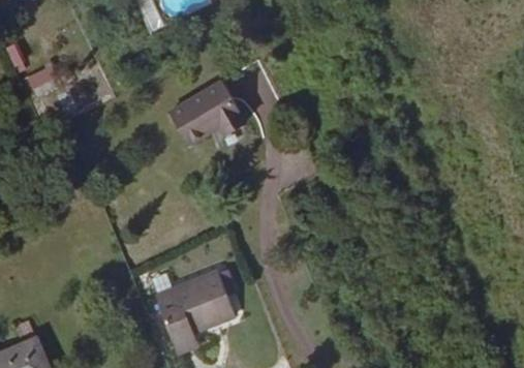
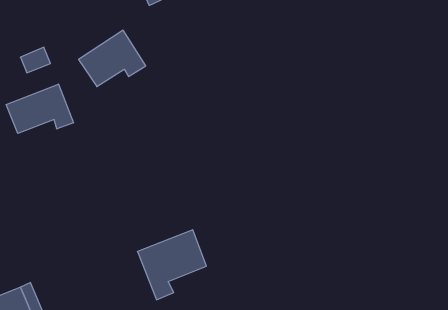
building: [168,81,245,145] -> [79,30,146,87]
building: none -> [6,84,73,133]

